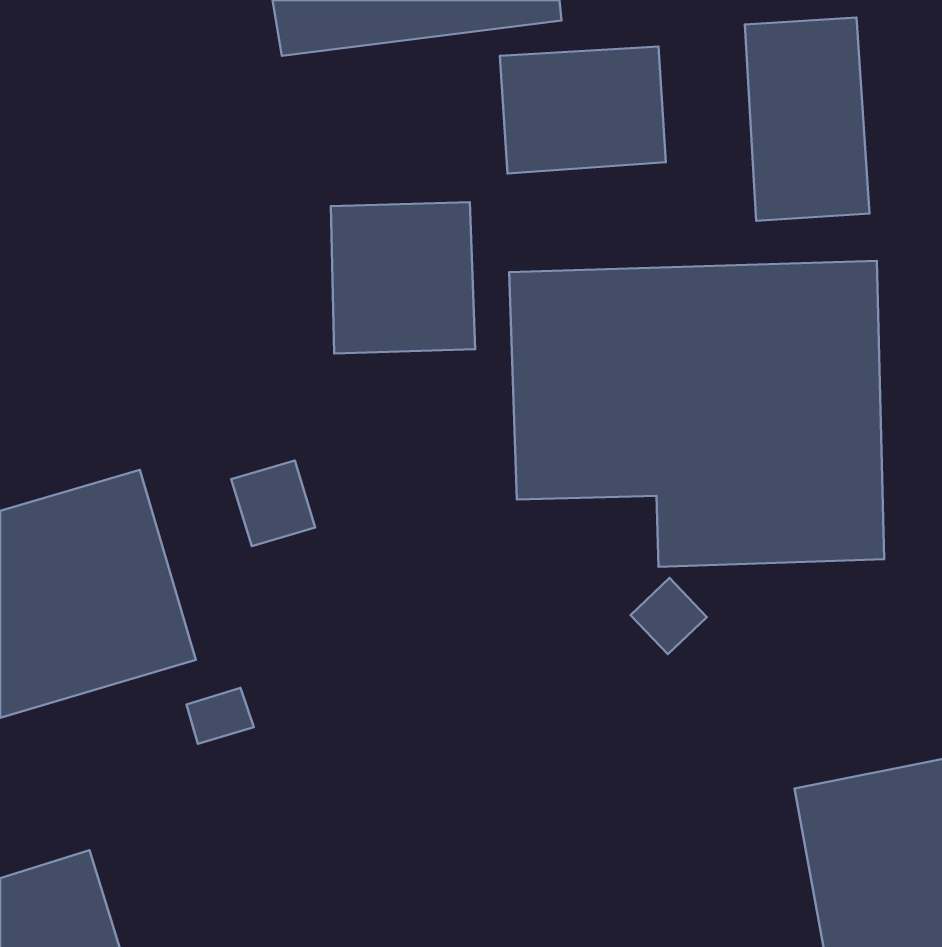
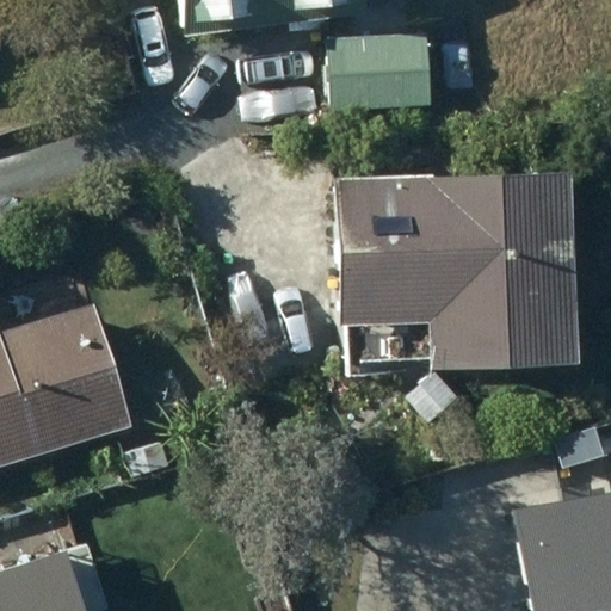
building: [745,18,870,221] -> none
building: [331,202,475,354] -> none

